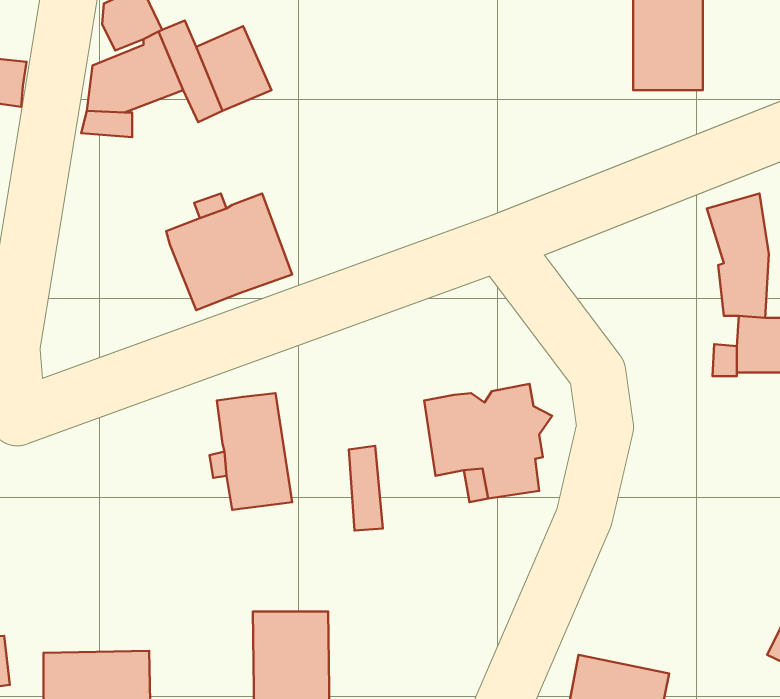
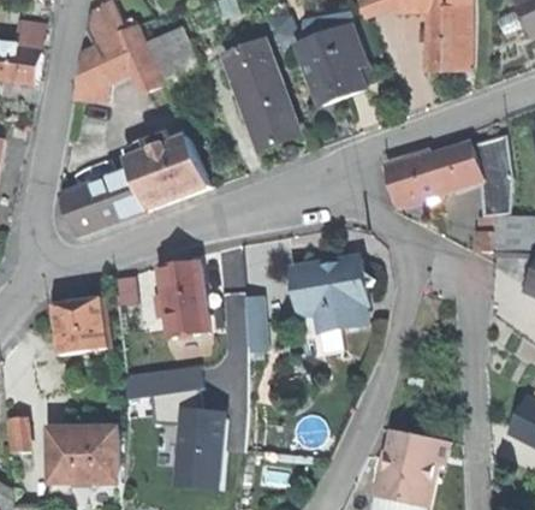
building: none -> [298,18,363,103]
building: none -> [224,41,296,149]
building: none -> [384,146,482,206]
building: none -> [59,168,145,237]
building: none -> [52,302,108,356]
building: none -> [130,363,206,393]

